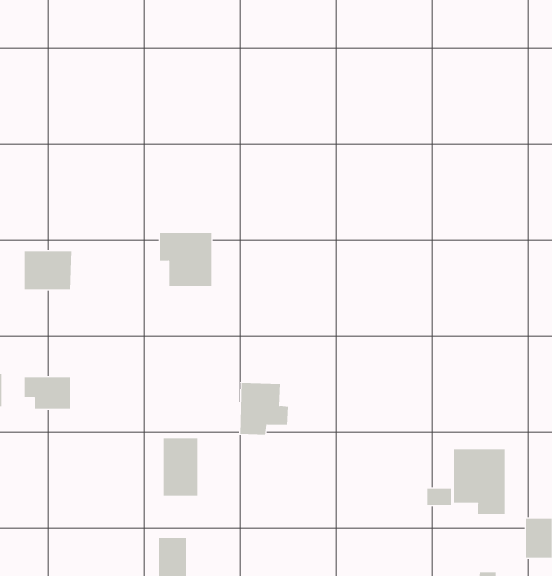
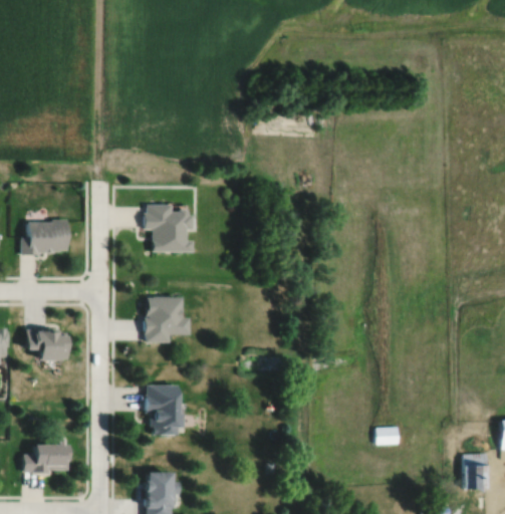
building: [240,383,289,435] -> [145,297,188,343]
building: [453,448,505,515] -> none
building: none -> [24,445,68,472]

